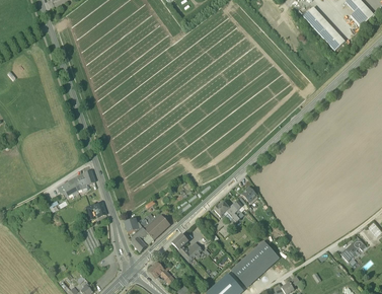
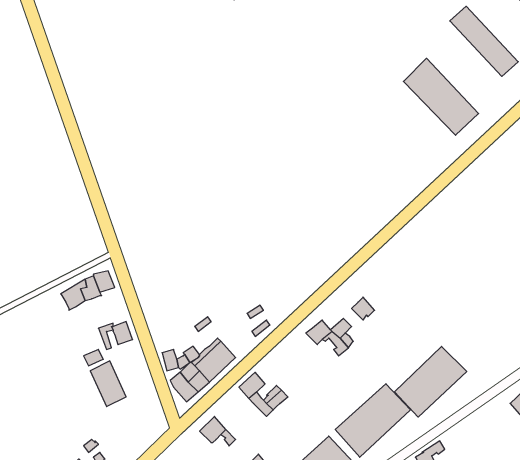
building: none -> [403,58,479,135]
building: none -> [395,346,467,417]

